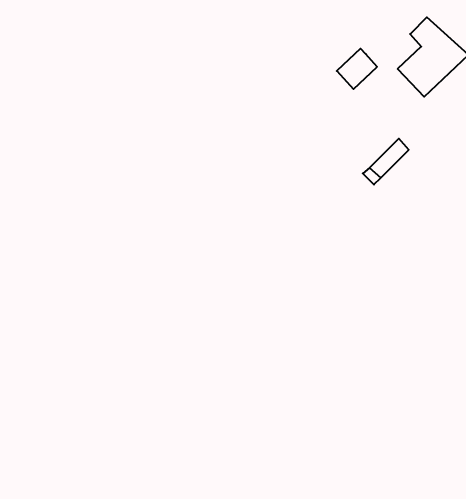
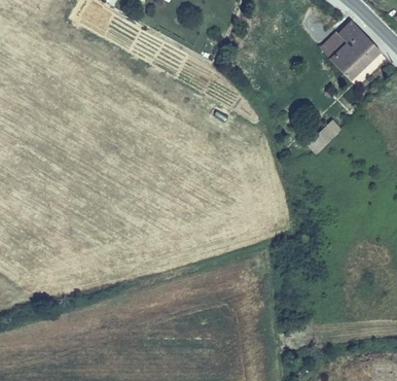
building: [337,49,377,89] -> [319,31,349,61]

